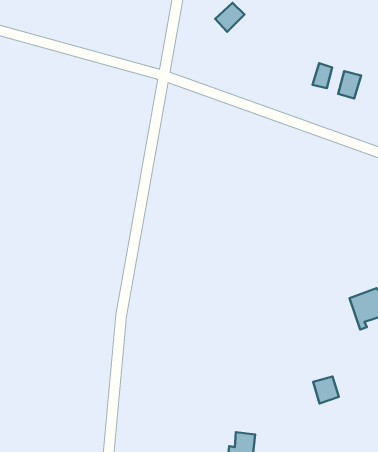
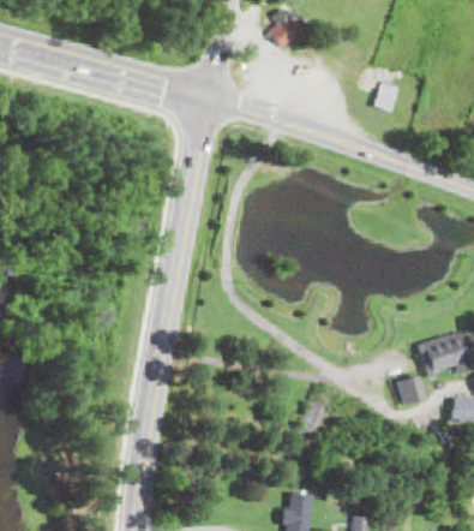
building: [338,71,361,99] -> none
building: [313,376,339,403] -> [397,374,426,404]

